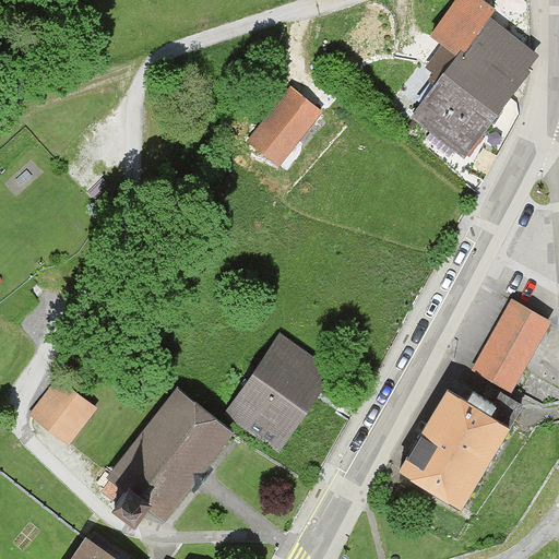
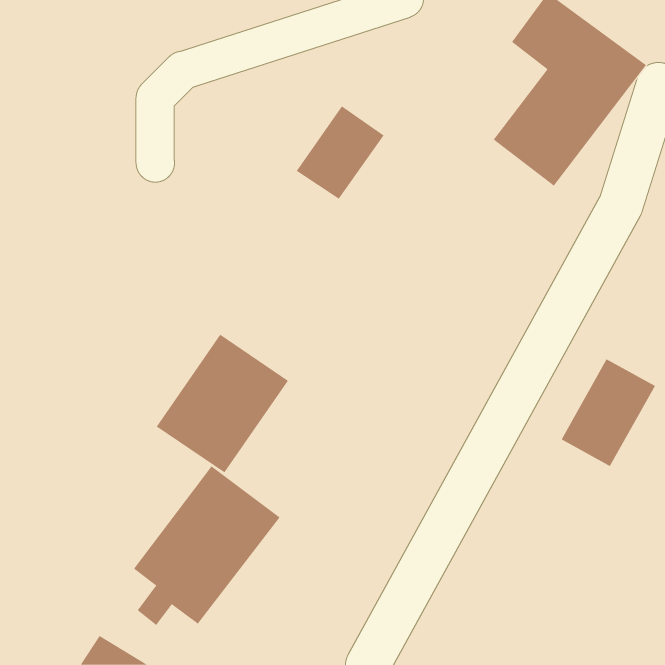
building: [224,333,335,450] -> [156,334,289,473]
building: [29,380,96,447] -> none
building: [397,393,507,512] -> none

